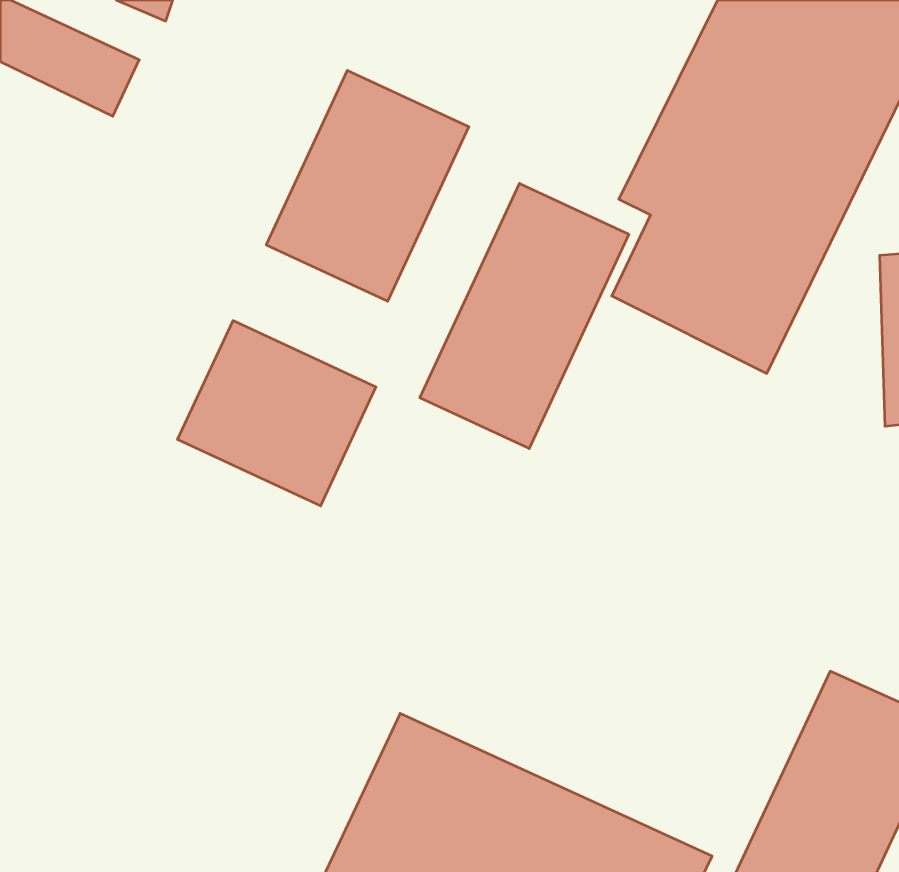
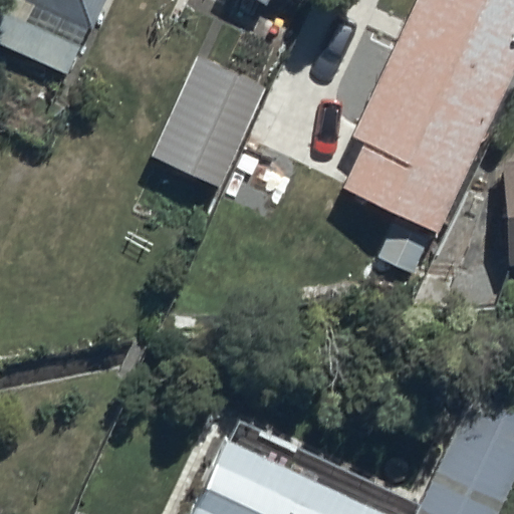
building: [420,183,629,449] -> none
building: [178,321,376,506] -> none

